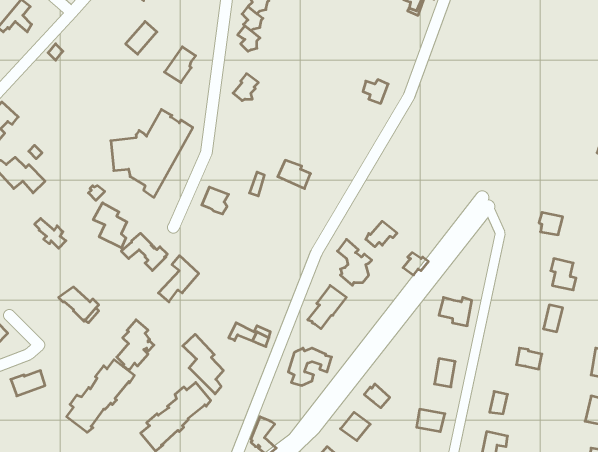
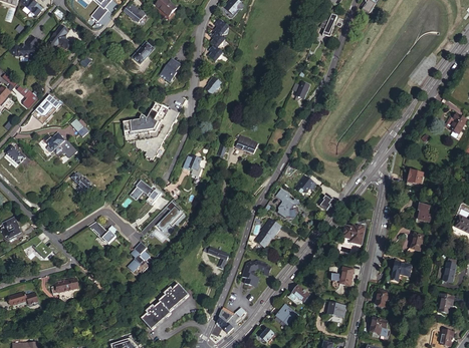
building: [93,203,127,248] -> none
building: [183,334,223,394] -> none
building: [67,360,134,432] -> none

